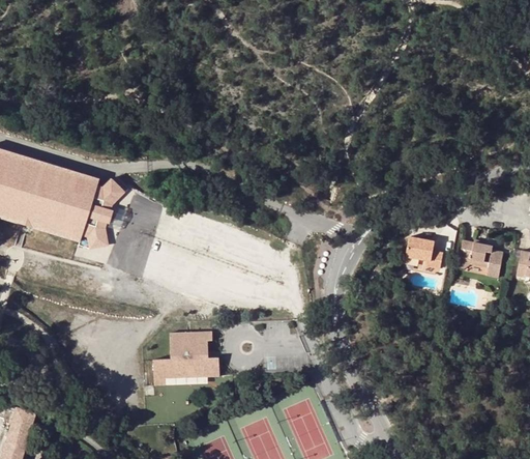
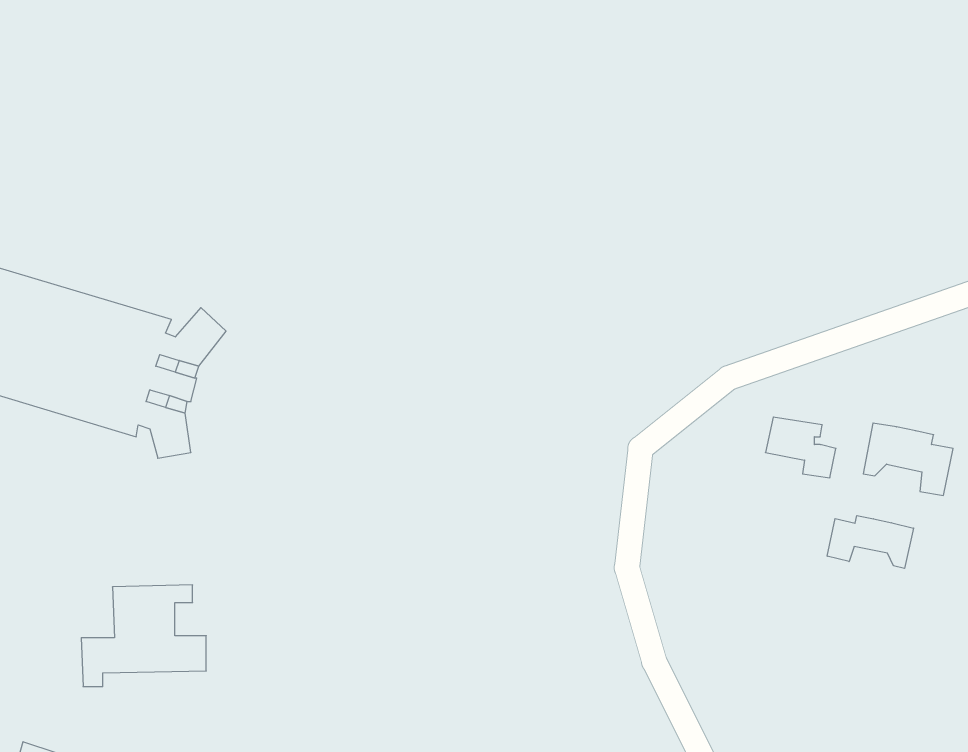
building: none -> [827,516,914,568]
building: [152,331,218,384] -> [81,585,206,687]

